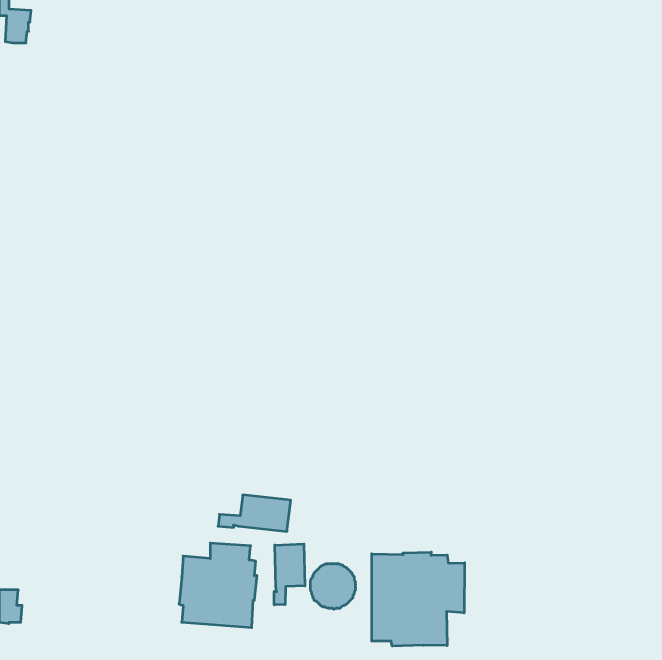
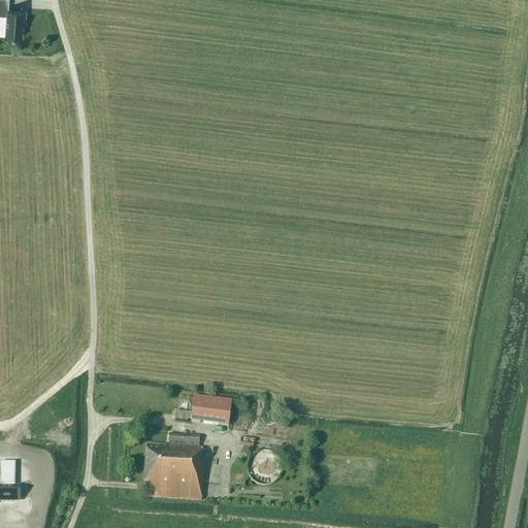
building: [274,544,305,605] -> none
building: [372,552,465,646] -> none

